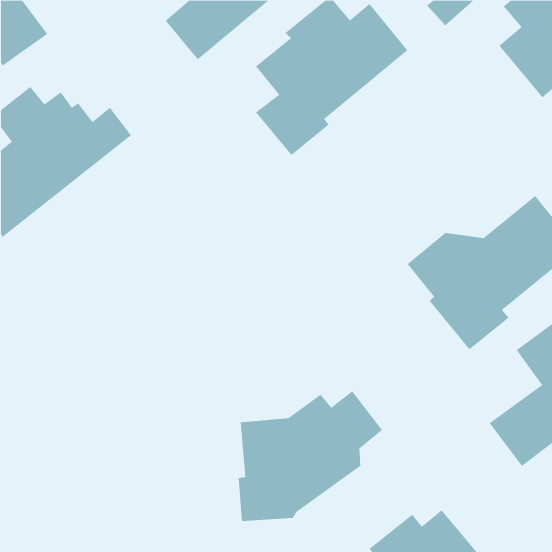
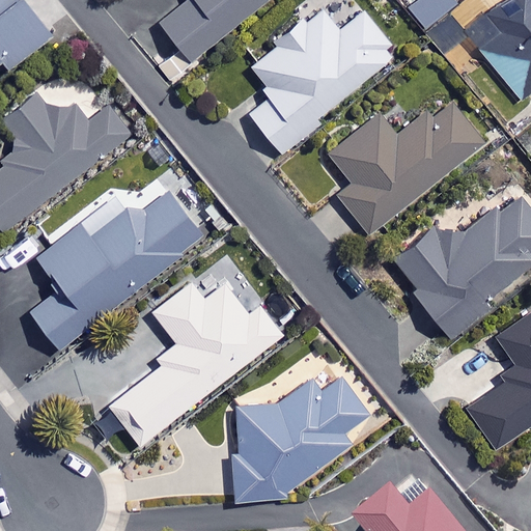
building: none -> [330,96,486,234]
building: none -> [30,186,204,350]
building: none -> [110,281,284,445]

